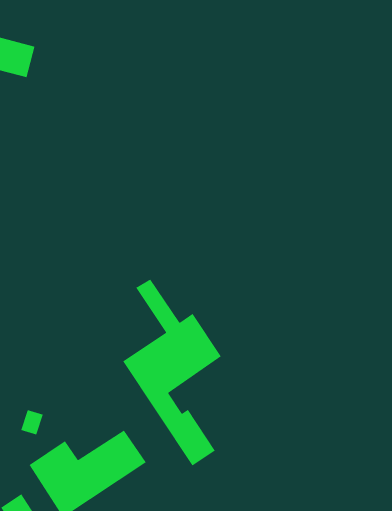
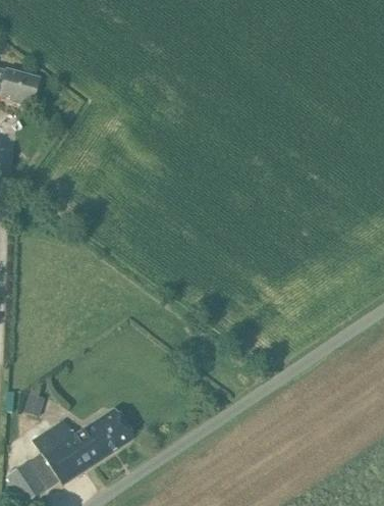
building: [122,278,222,467] -> none

